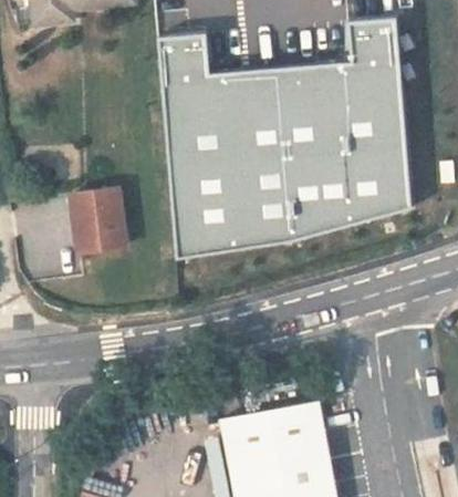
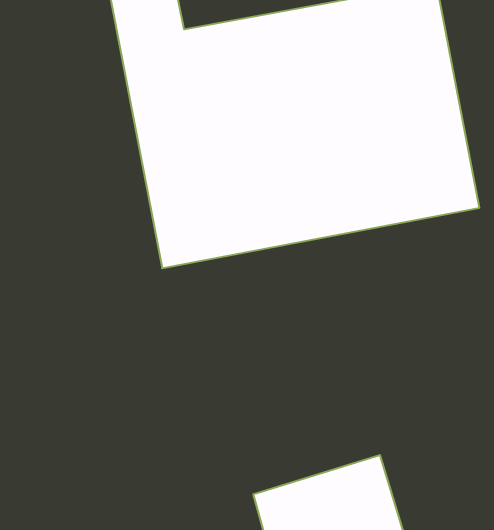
building: [77,190,135,252] -> none

